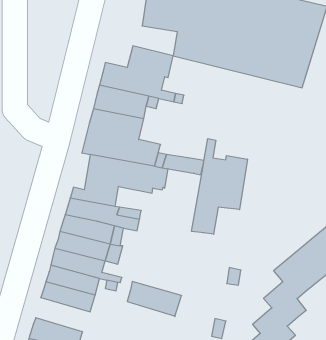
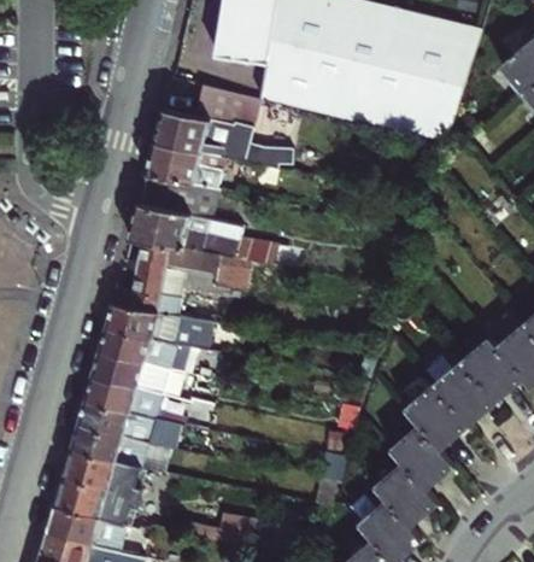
building: [192,139,247,234] -> none
building: [127,281,182,317] -> [61,447,140,498]

